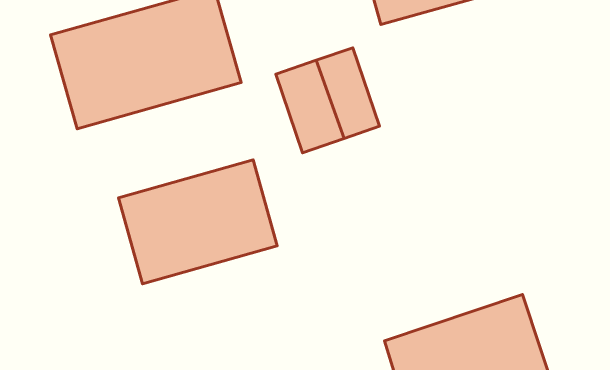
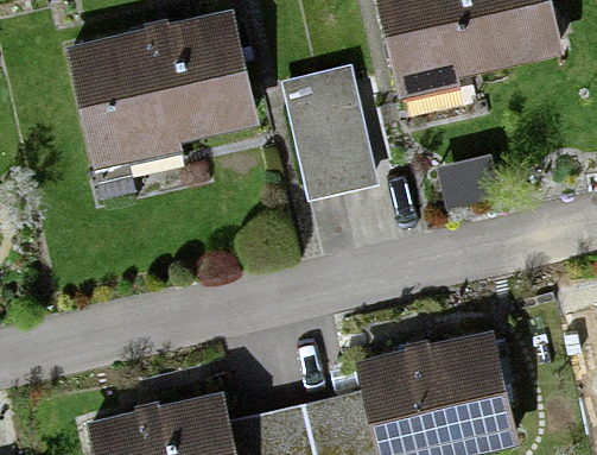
building: [119,160,277,284] -> none

